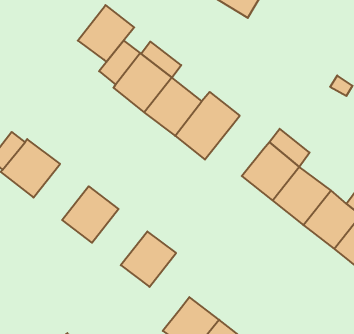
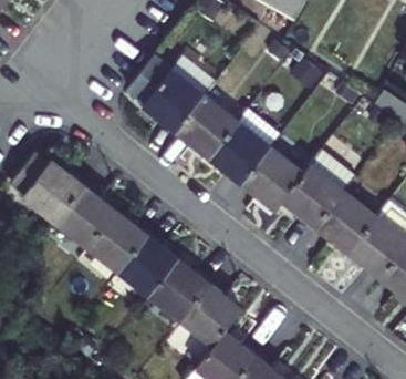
building: [78,5,134,62] -> none
building: none -> [242,146,305,211]
building: none -> [58,188,117,249]
building: none -> [121,237,180,298]
building: none -> [183,285,243,347]

